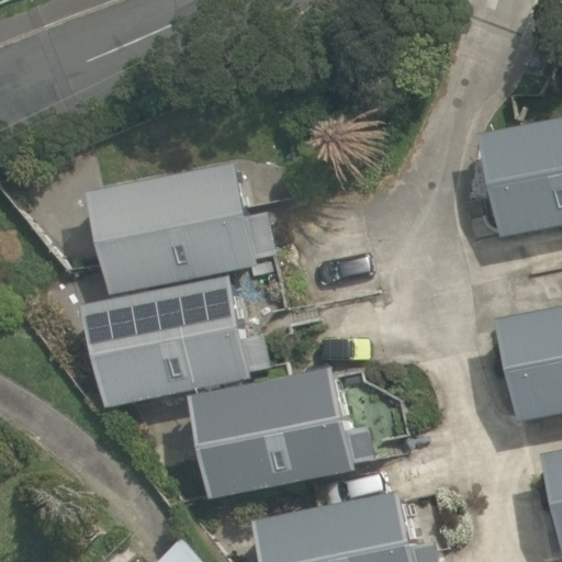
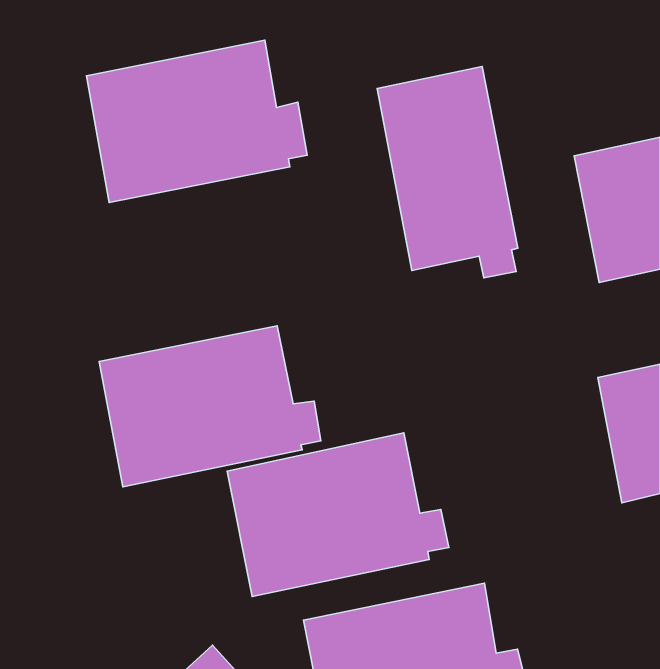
building: none -> [377,67,518,278]
building: [88,161,271,296] -> [87,40,307,203]

